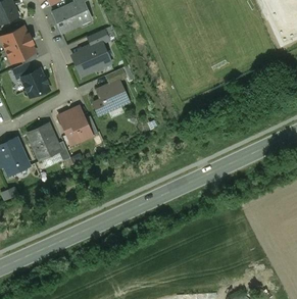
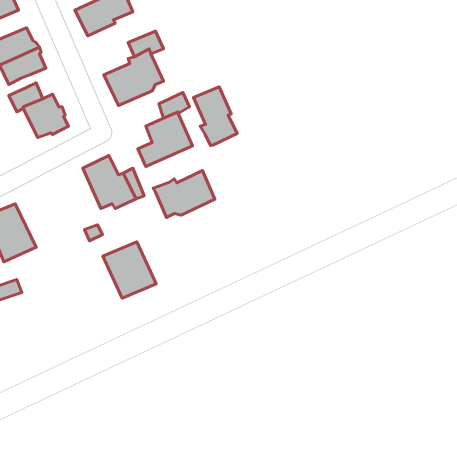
building: none -> [194,87,237,145]
building: none -> [153,171,215,218]
building: [27,123,60,159] -> [103,242,156,298]

